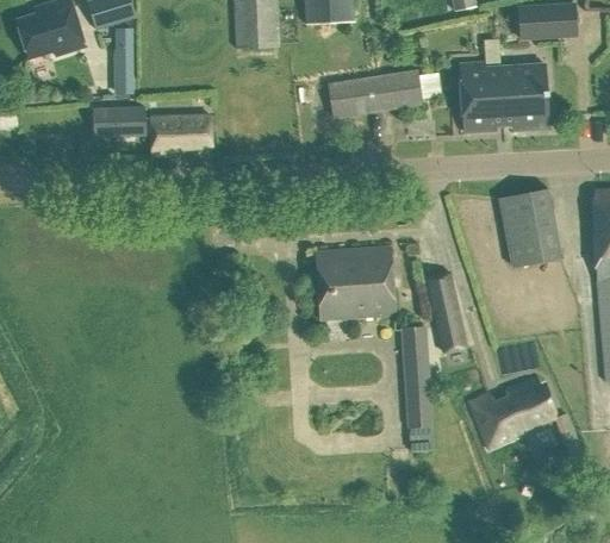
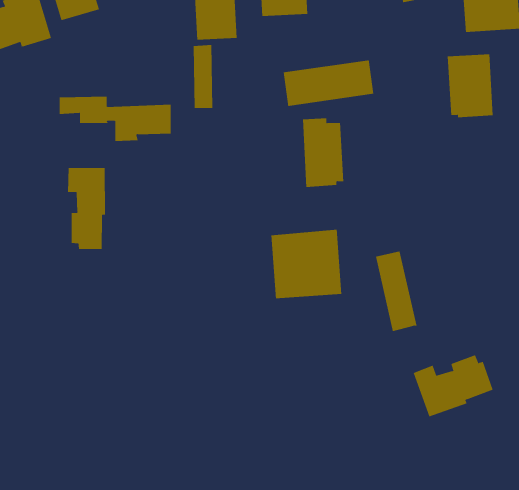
building: [114,27,136,94] -> [193,45,213,108]
building: [460,61,504,133] -> [302,118,344,187]
building: none -> [68,167,105,250]
building: [499,187,564,267] -> none
building: [402,326,434,426] -> none

